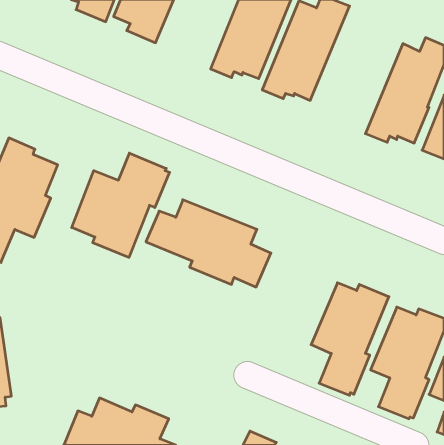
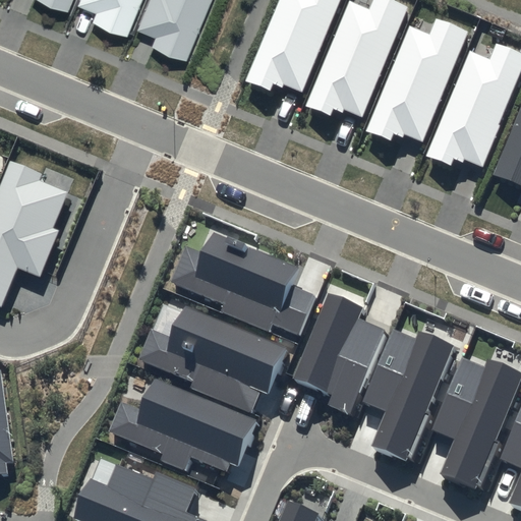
building: none -> [365,19,466,141]
building: [72,153,170,257] -> none
building: none -> [293,293,386,414]
building: none -> [138,307,287,413]
building: none -> [109,380,256,471]

